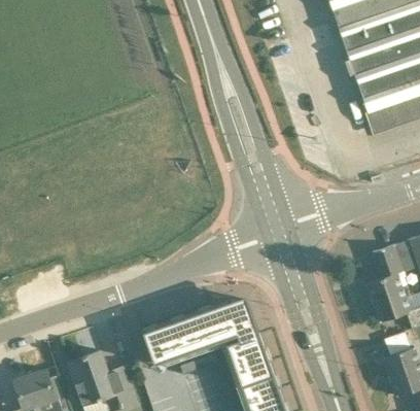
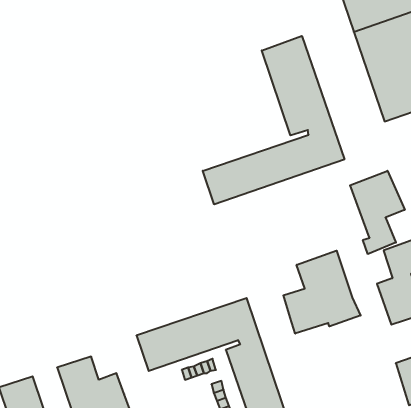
building: none -> [203,36,344,204]
building: none -> [350,171,405,254]
building: none -> [283,251,361,334]

